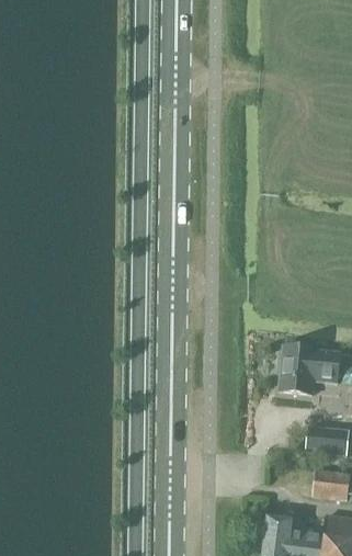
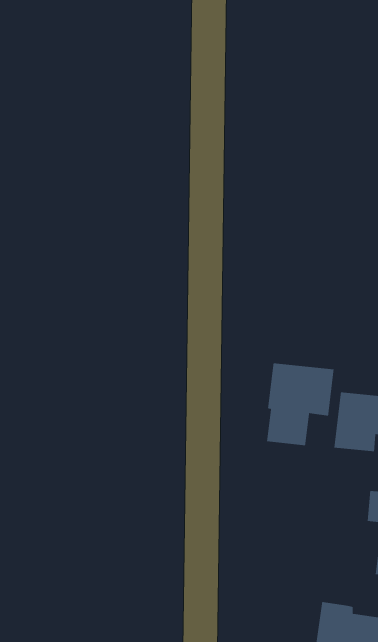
building: none -> [266,362,334,446]

